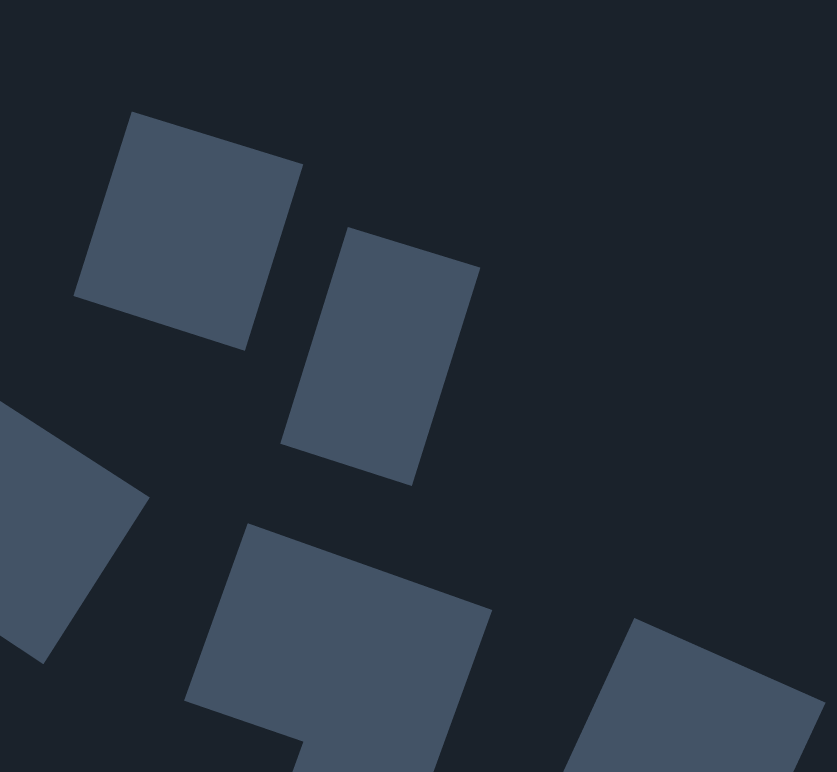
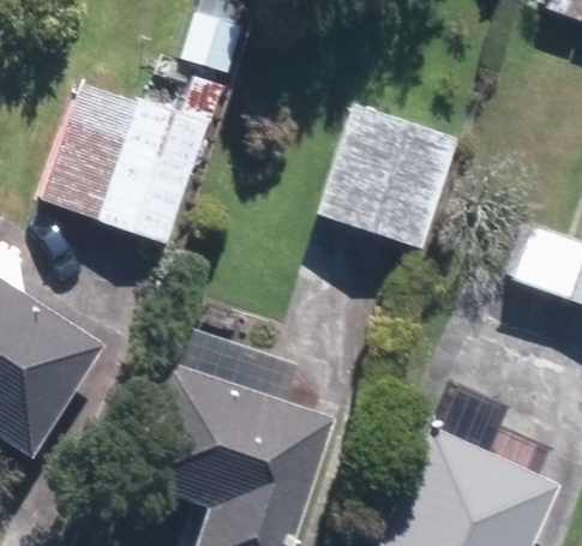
building: none -> [319,106,458,248]
building: [279,226,481,487] -> none

